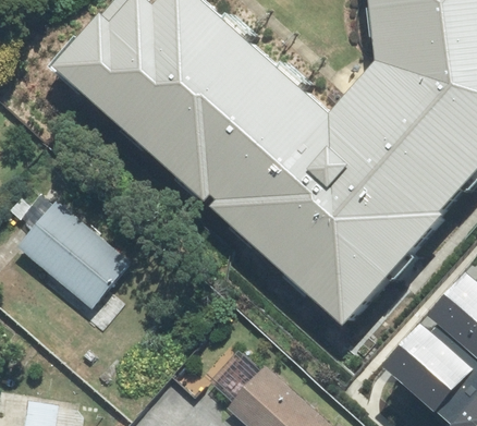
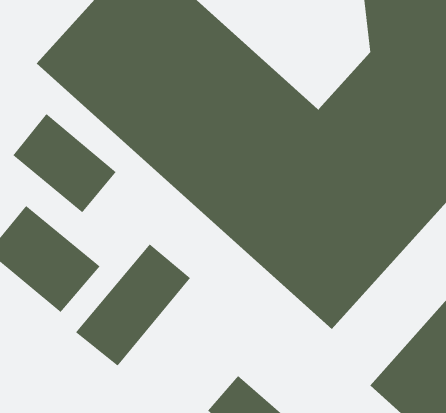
building: none -> [13,113,117,213]
building: none -> [75,244,191,366]

